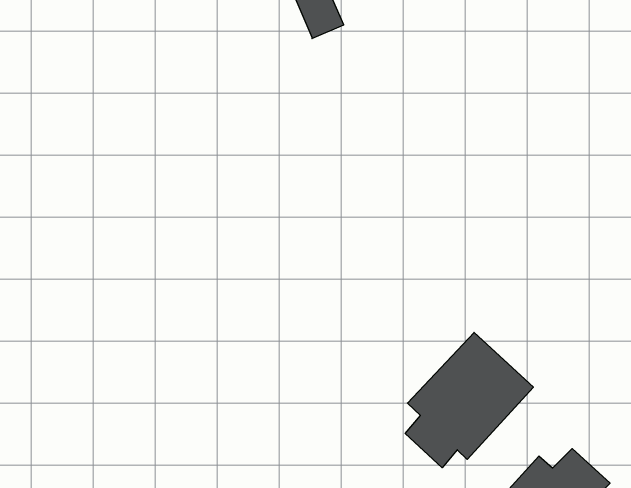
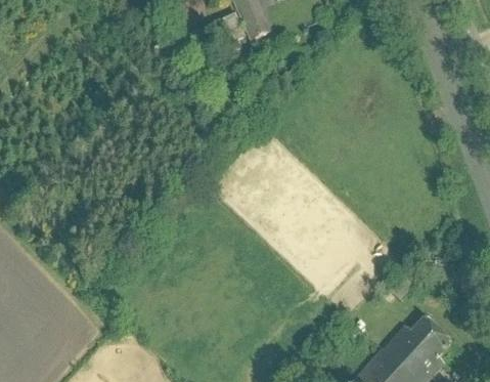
building: [405,332,533,468] -> none

